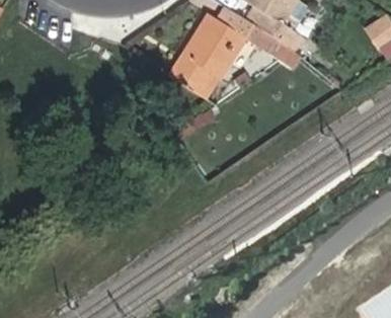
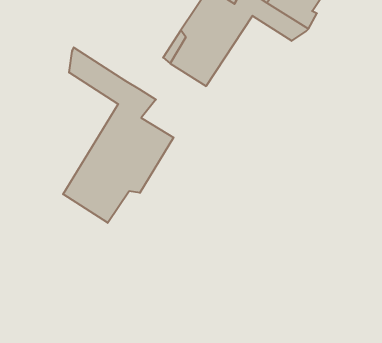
building: none -> [63,47,174,223]

